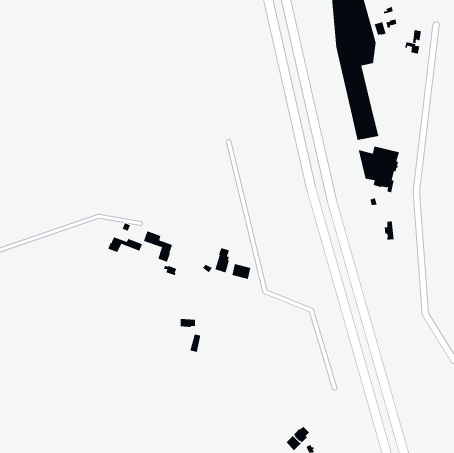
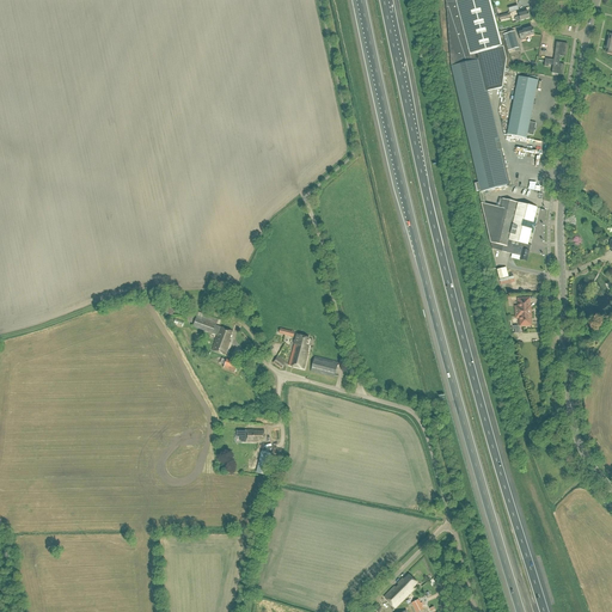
building: none -> [507,74,537,136]
building: [108,236,143,253] -> none

